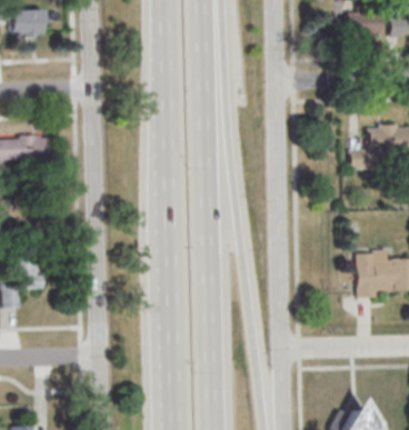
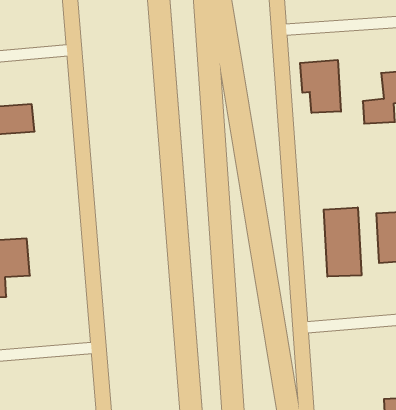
building: none -> [300,60,341,113]
building: none -> [324,207,361,277]

